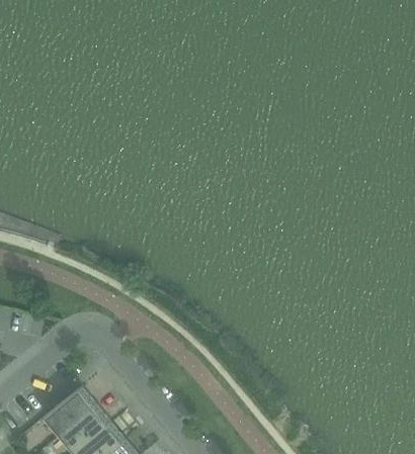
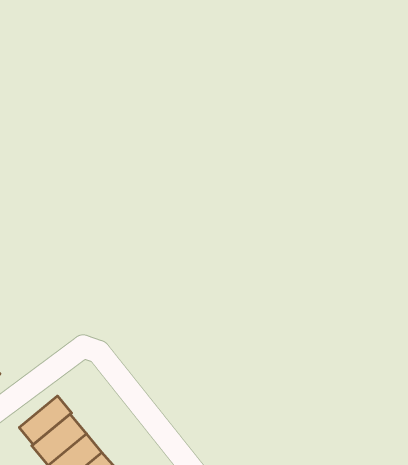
building: none -> [19,396,72,445]

